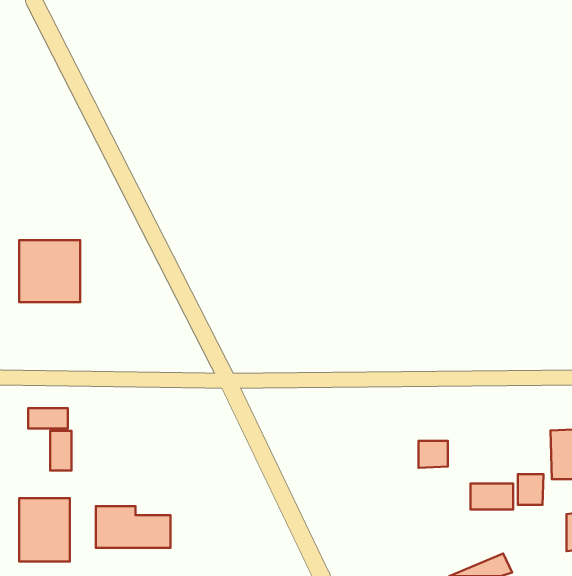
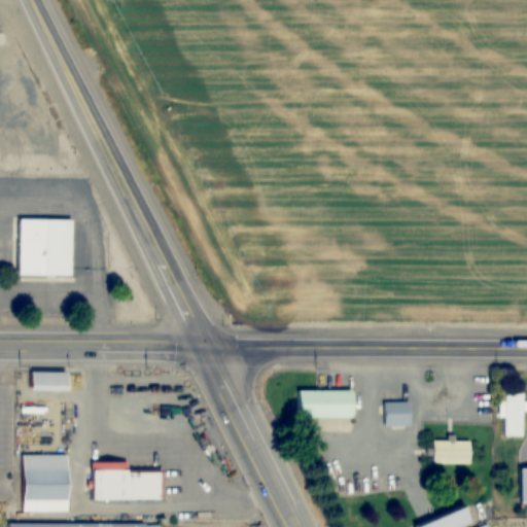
building: none -> [298,391,354,419]
building: [50,431,72,470] -> none
building: [518,474,544,505] -> none

